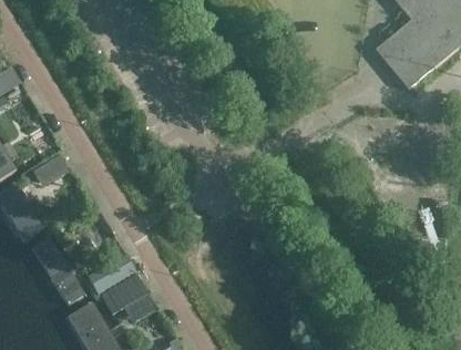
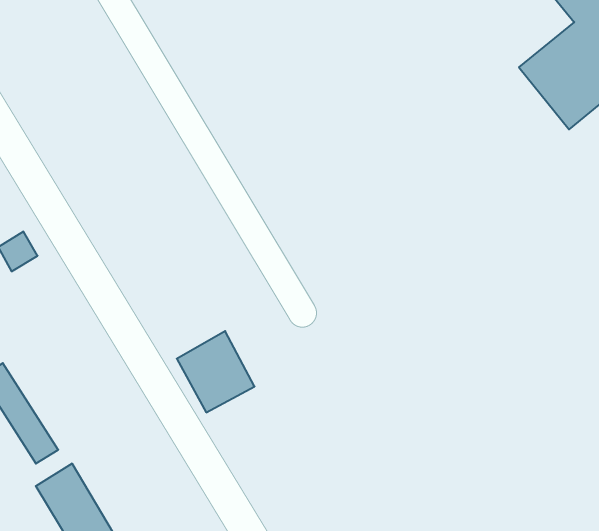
building: [105,271,155,323] -> [177,331,255,412]

